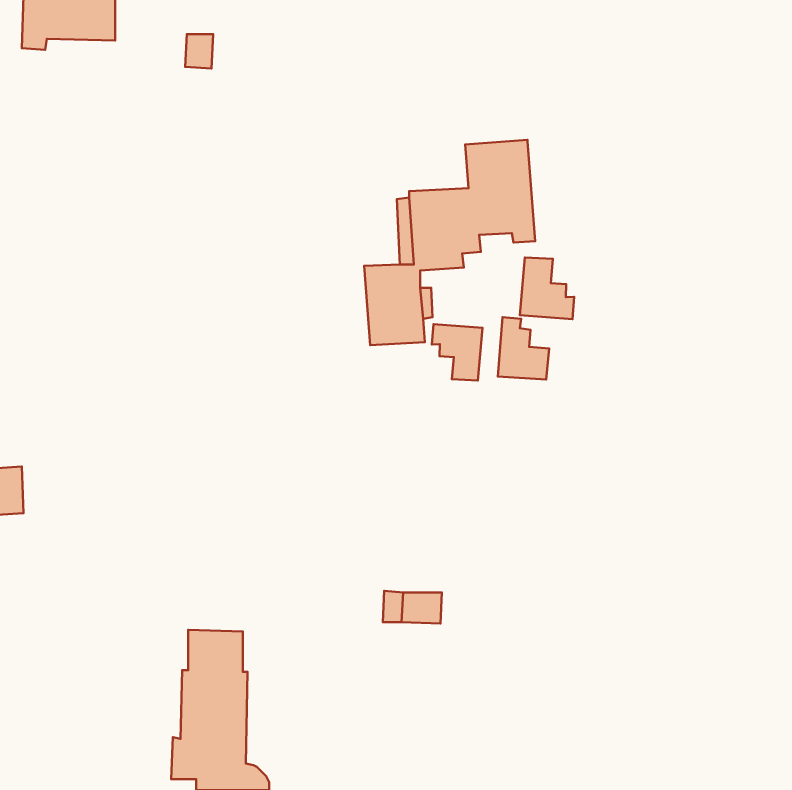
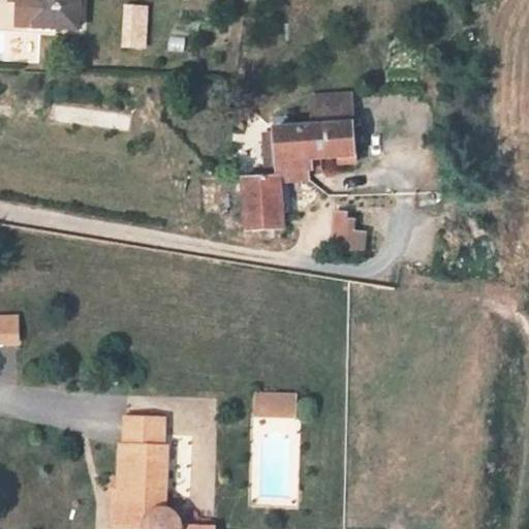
building: [520,257,574,319] -> none
building: [432,324,483,381] -> none

